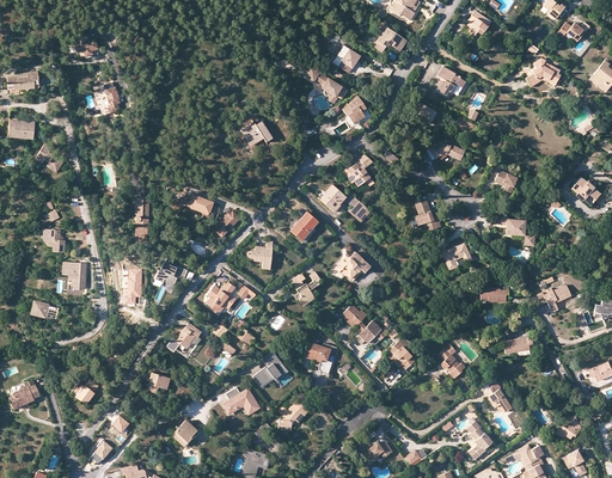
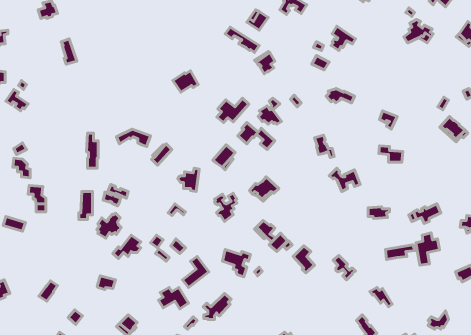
building: none -> [217,98,249,122]
building: [204,281,234,312] -> [97,213,121,238]
building: none -> [416,233,439,265]

